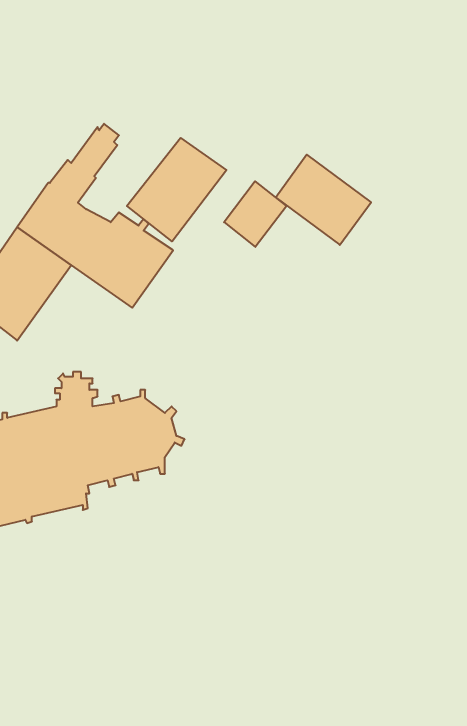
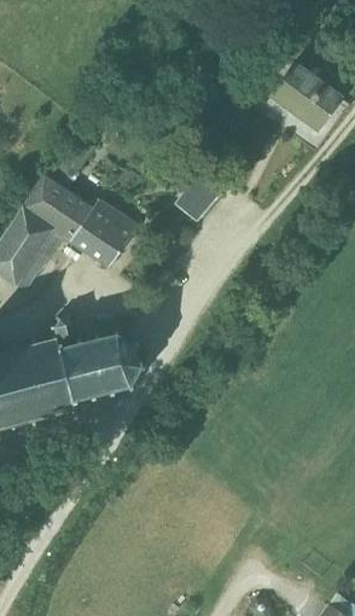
building: [127,138,226,241] -> none
building: [276,155,371,245] -> [269,63,339,129]

